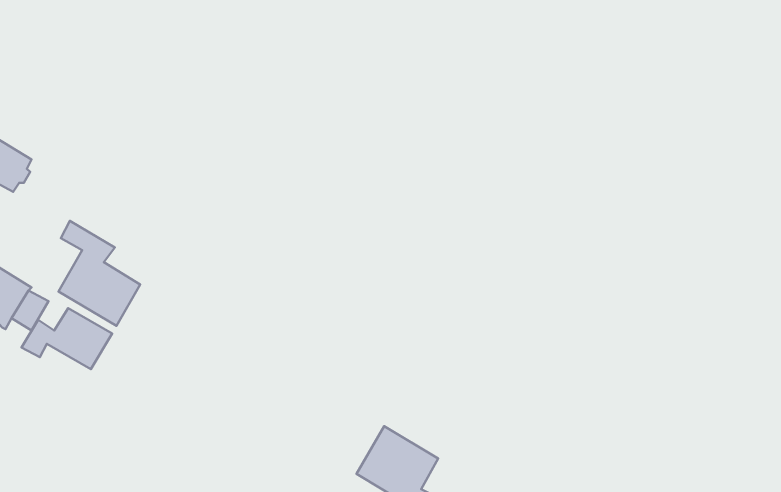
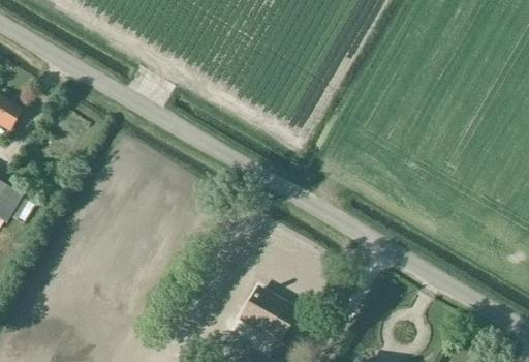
building: [58,221,140,326] -> none
building: [22,308,112,369] -> none

